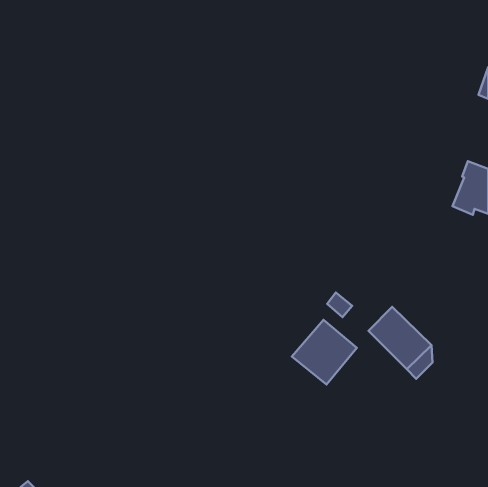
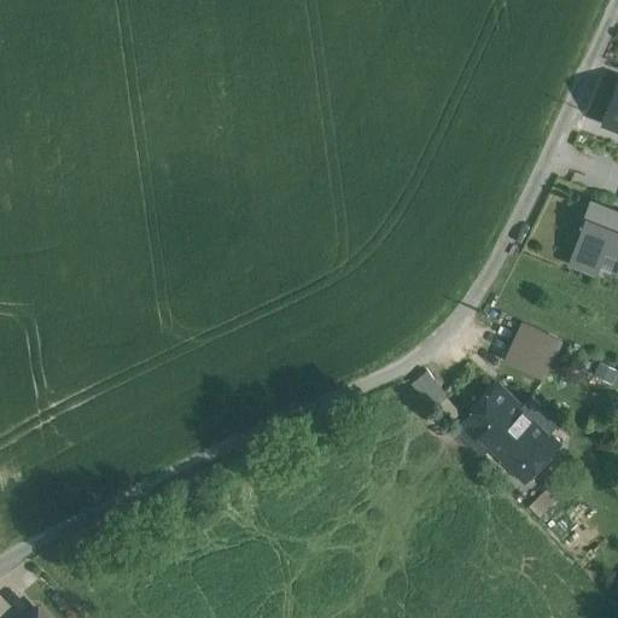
building: none -> [505,321,565,380]
building: [292,320,357,384] -> none

